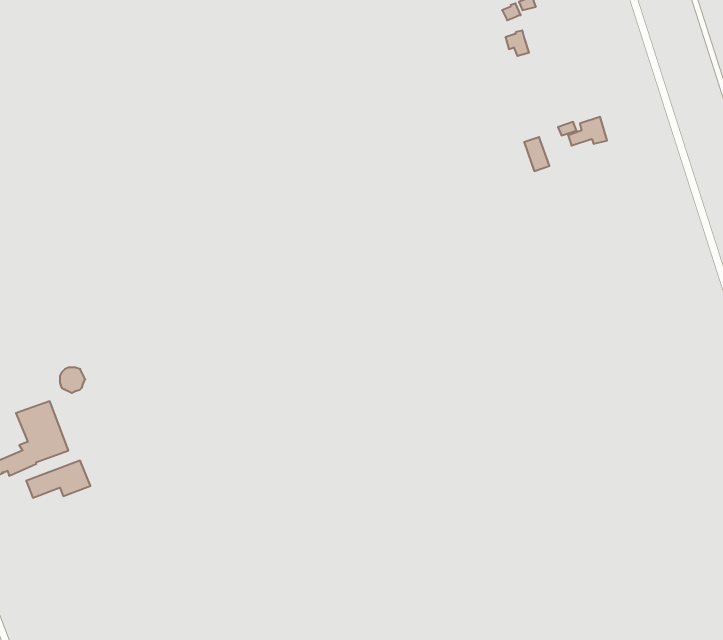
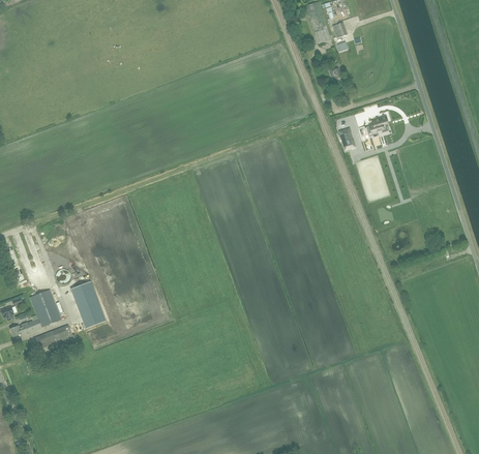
building: none -> [70,280,104,327]

